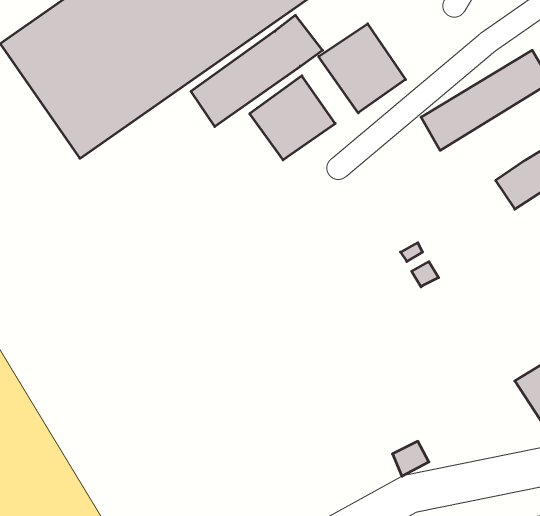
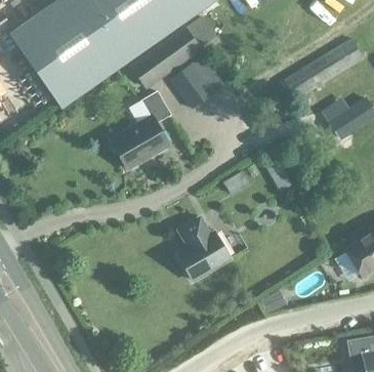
building: [319,24,406,113] -> none
building: none -> [108,91,171,171]
building: none -> [175,217,232,282]

